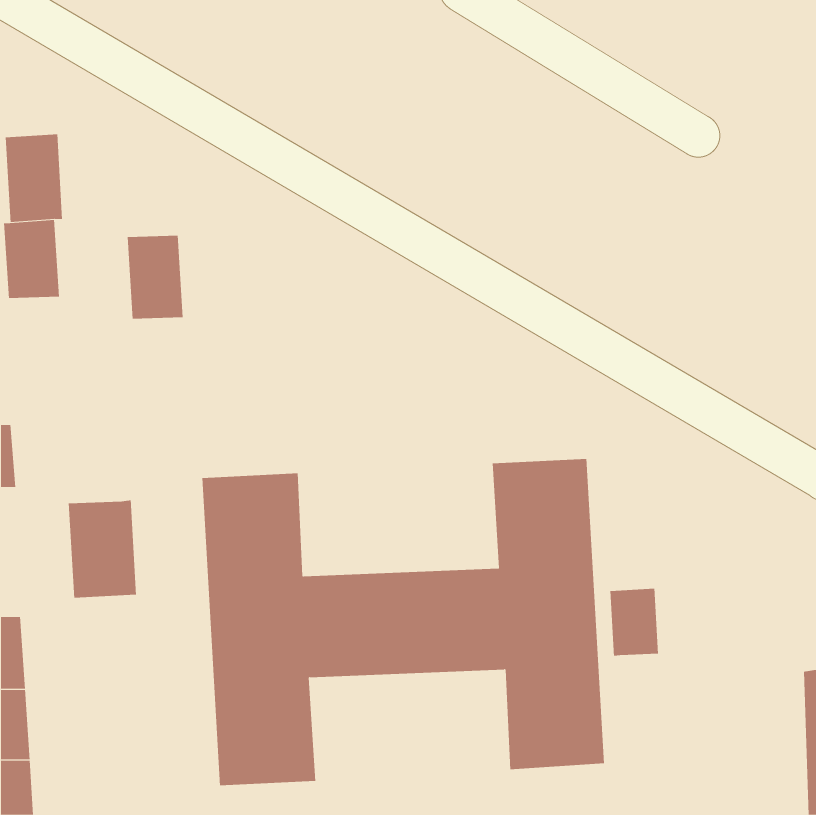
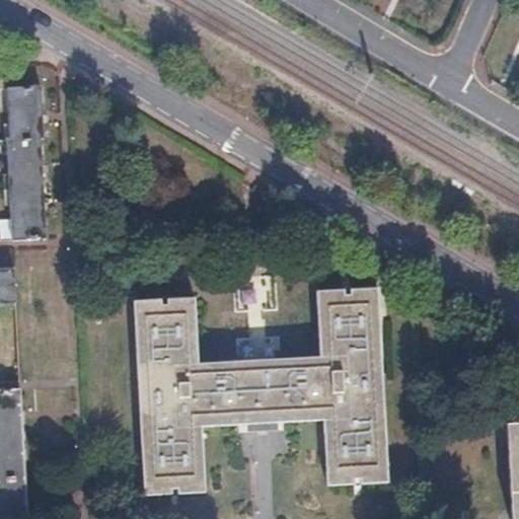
building: [127,235,183,319] -> [10,187,46,239]
building: [68,500,137,599] -> none
building: [610,588,659,657] -> none

